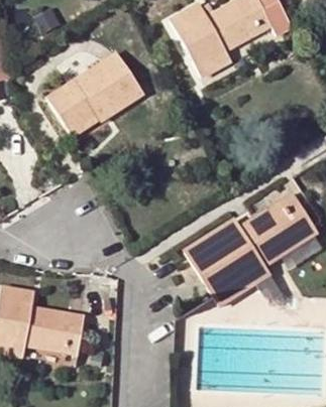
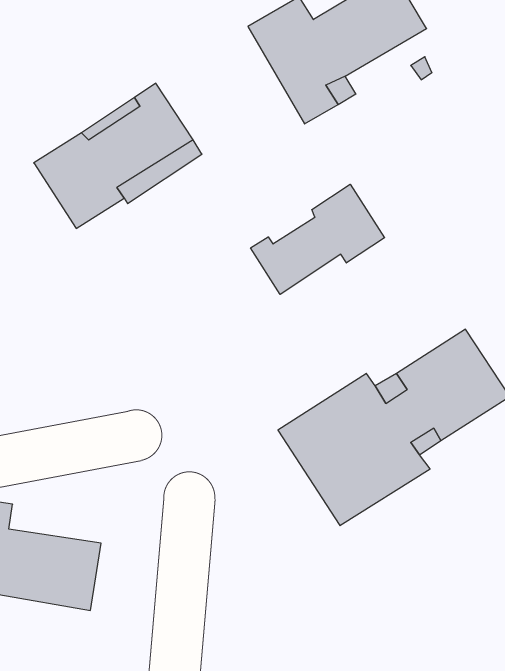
building: none -> [251,184,385,294]

